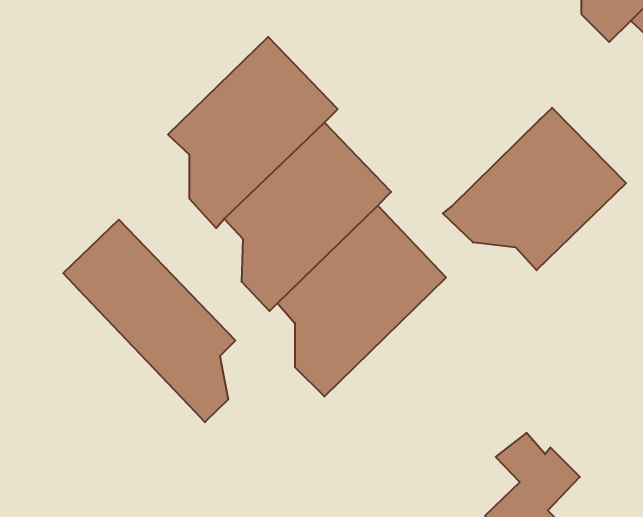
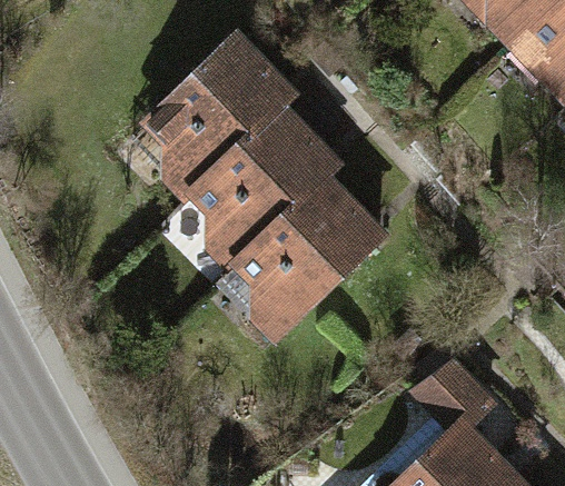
building: [443,108,626,270] -> none
building: [63,220,235,422] -> none

